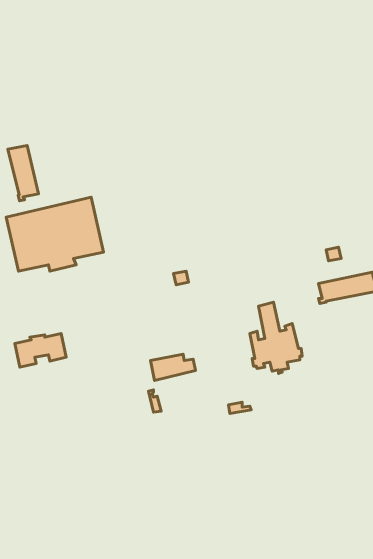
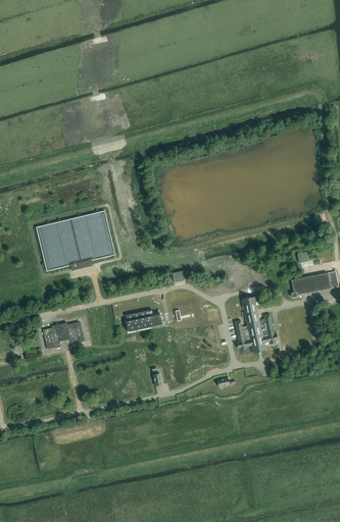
building: [8,145,38,201] -> none
building: [151,354,196,380] -> [125,310,161,331]

